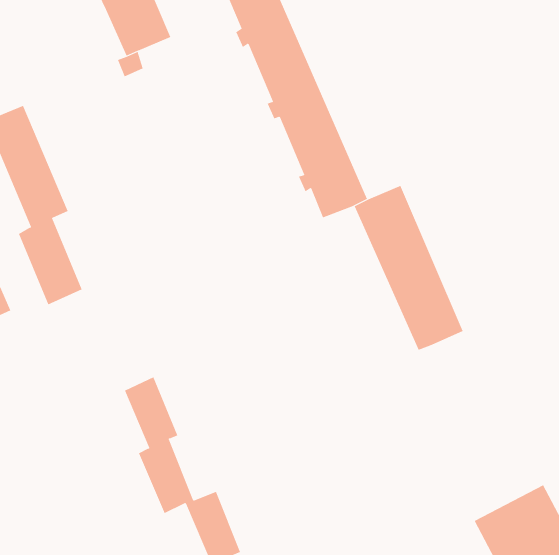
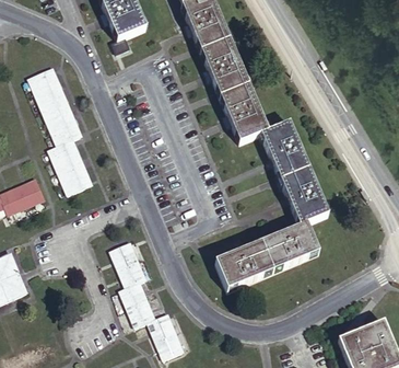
building: none -> [218,222,321,290]

